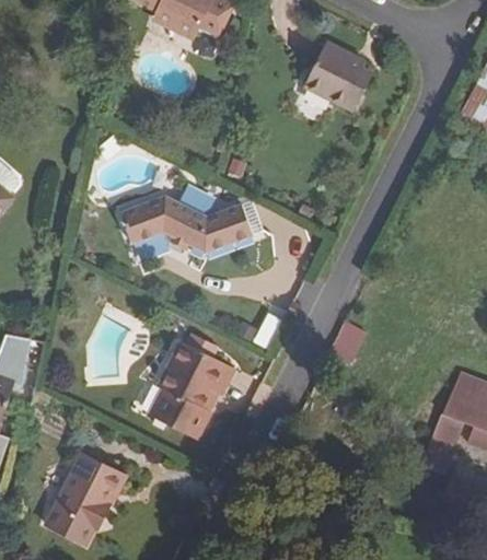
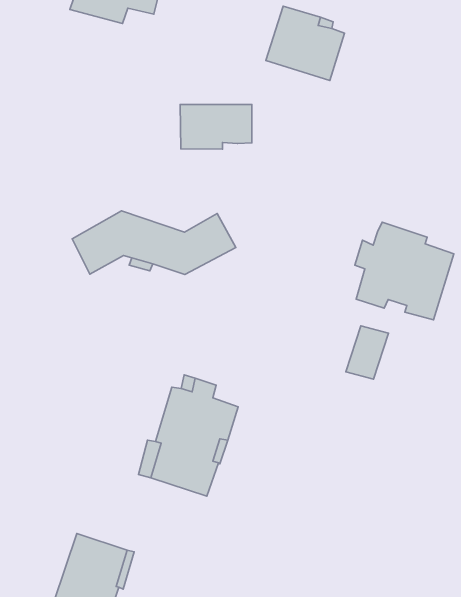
building: none -> [180,104,252,149]
building: none -> [355,222,454,320]

